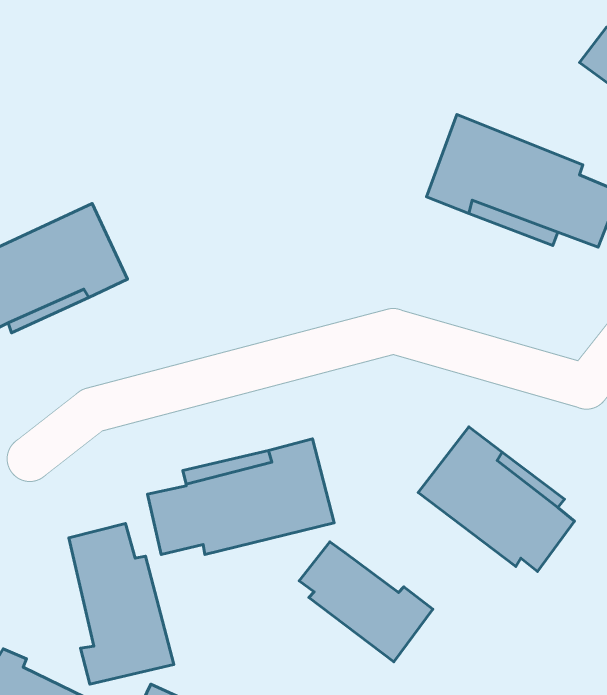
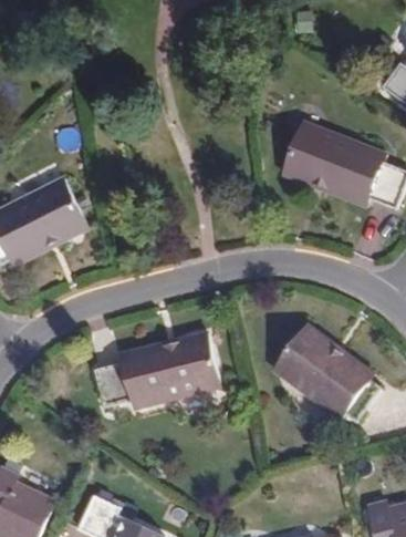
building: [69,524,174,684] -> none
building: [299,542,433,662] -> none

